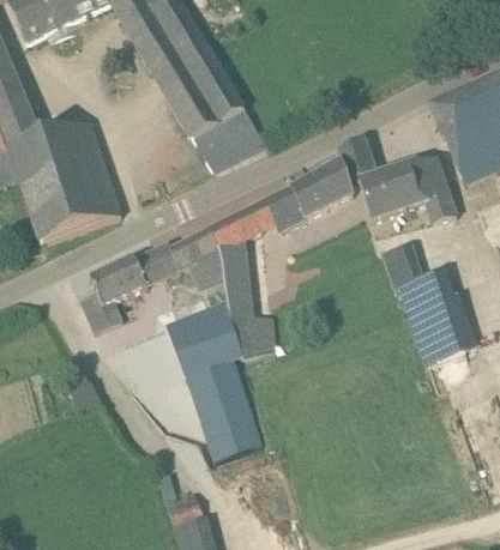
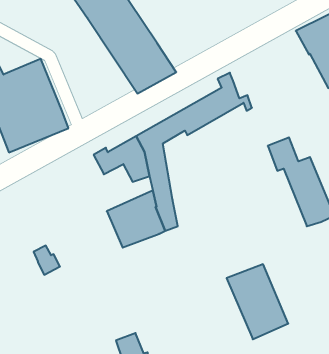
building: [337,137,457,219] -> none
building: [80,250,164,331] -> none
building: [183,359,261,458] -> [227,264,288,339]

